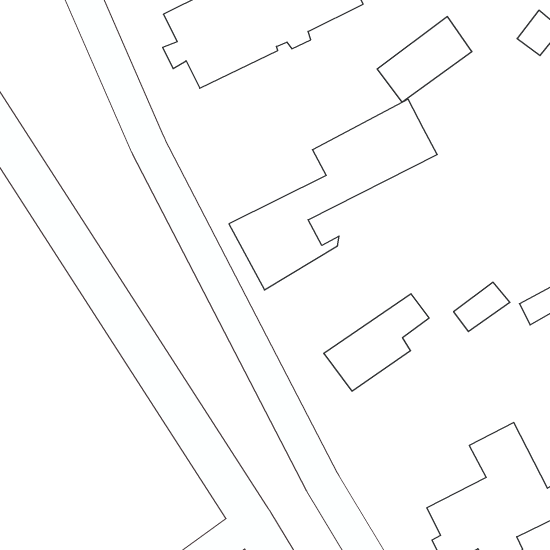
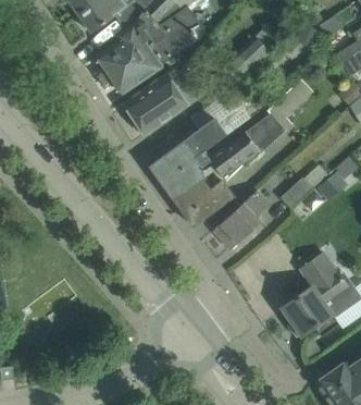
building: none -> [125,76,187,134]
building: none -> [175,77,313,226]

